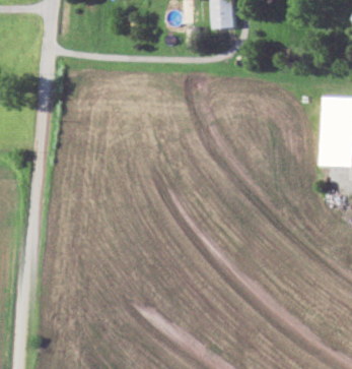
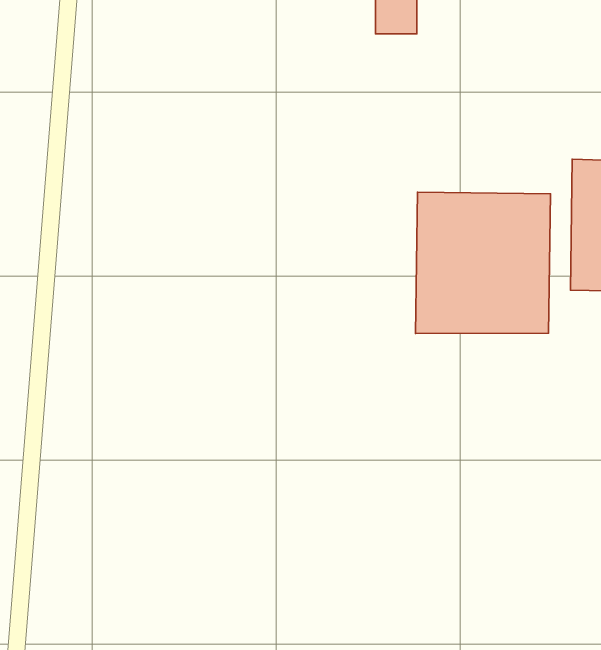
building: none -> [416,192,550,333]

